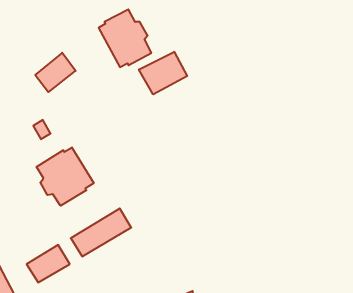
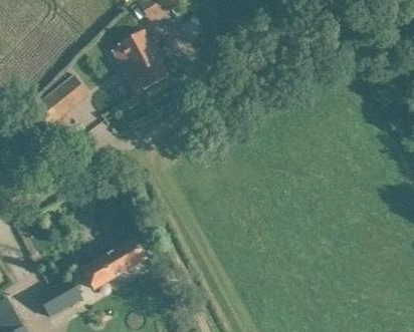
building: [139,52,187,94] -> none
building: [37,147,94,206] -> none

